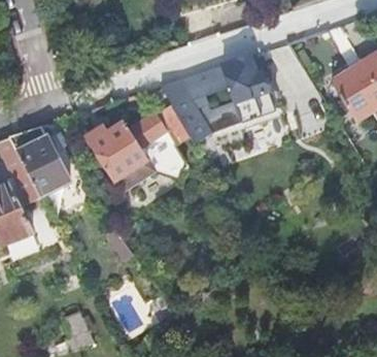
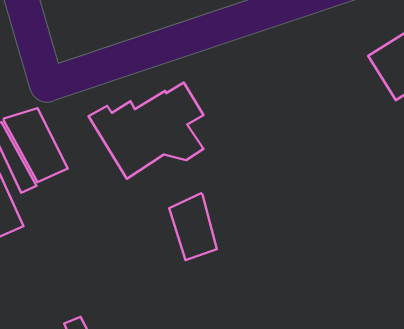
building: [158,53,280,143] -> none
building: none -> [169,193,217,260]

